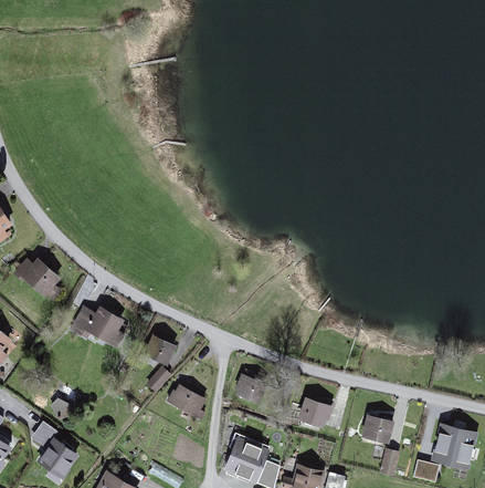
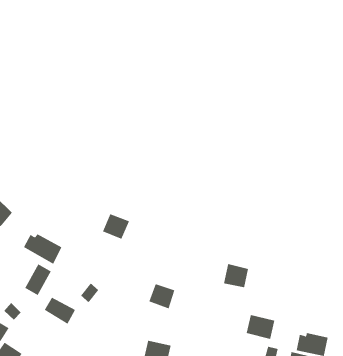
building: [143,334,178,367] -> [102,214,130,239]
building: none -> [25,264,52,296]
building: [168,385,209,420] -> [44,297,76,325]
building: [297,394,330,425] -> [223,264,249,288]

